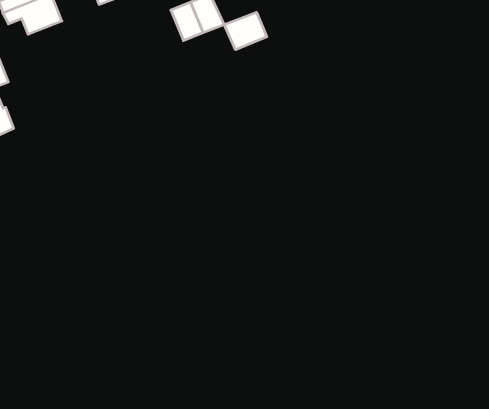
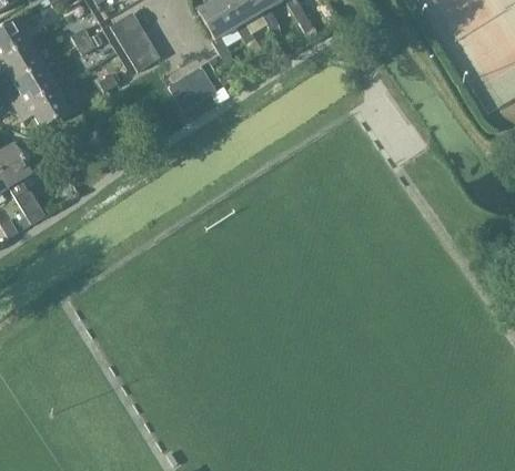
building: [224,12,267,50] -> none

